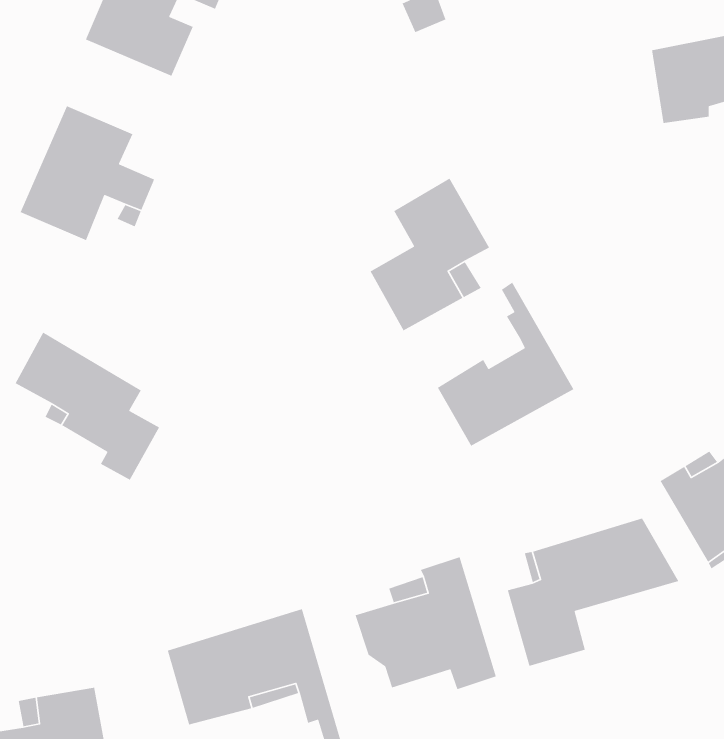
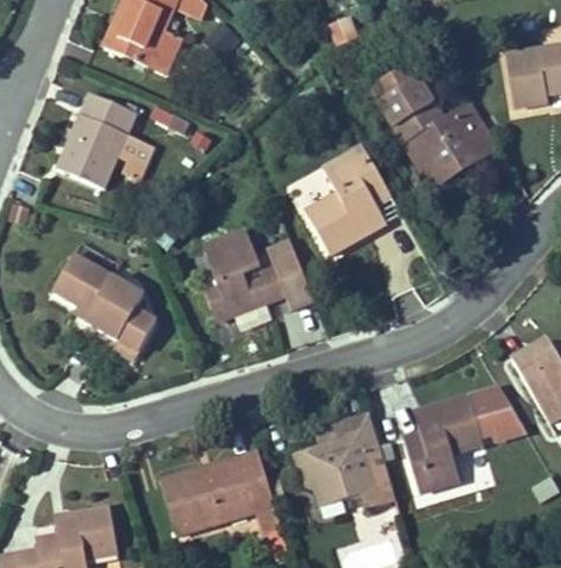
building: none -> [369,68,499,189]
building: [437,281,574,447] -> none
building: none -> [201,229,313,317]

